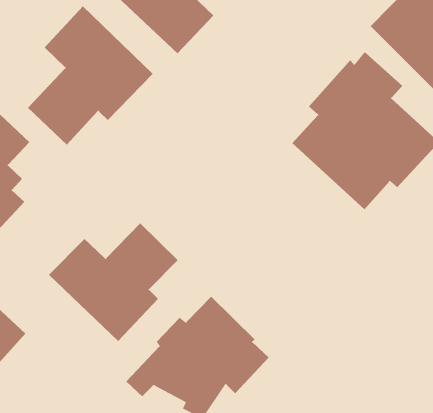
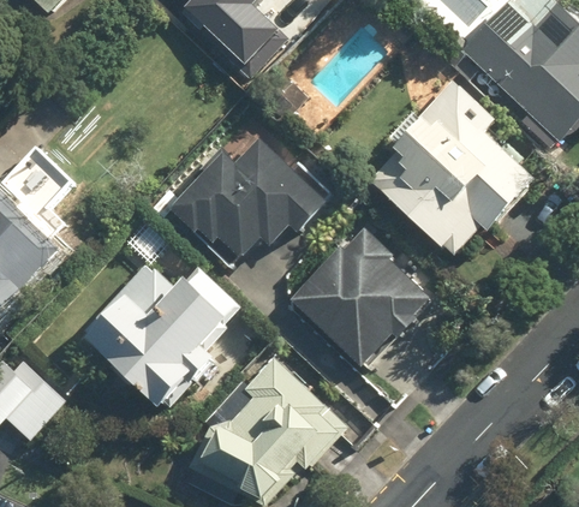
building: [27,6,154,145] -> none
building: none -> [169,136,328,261]
building: none -> [291,226,440,369]

